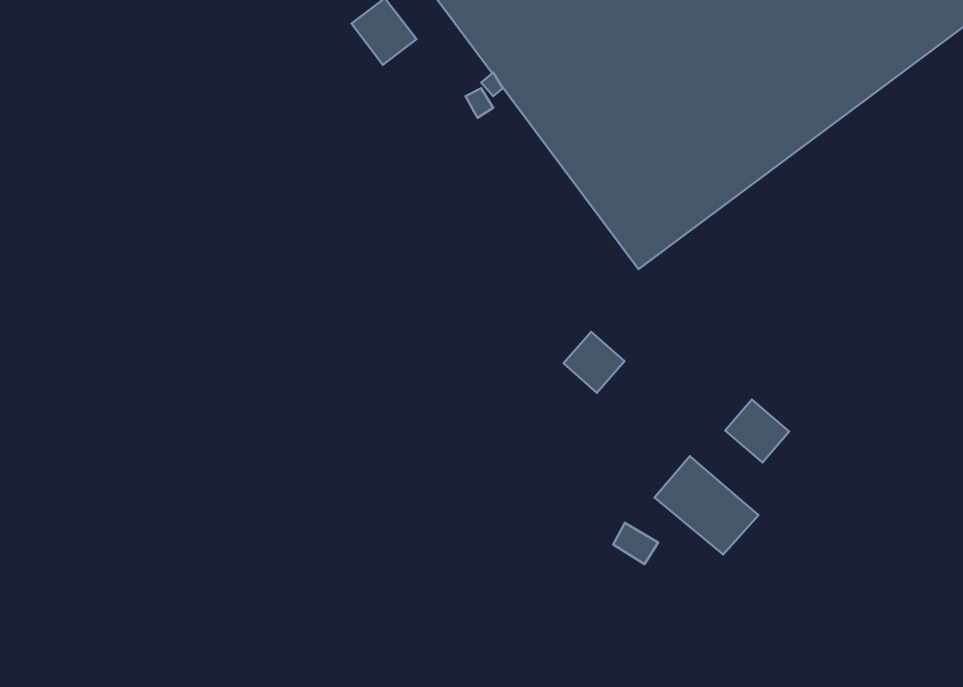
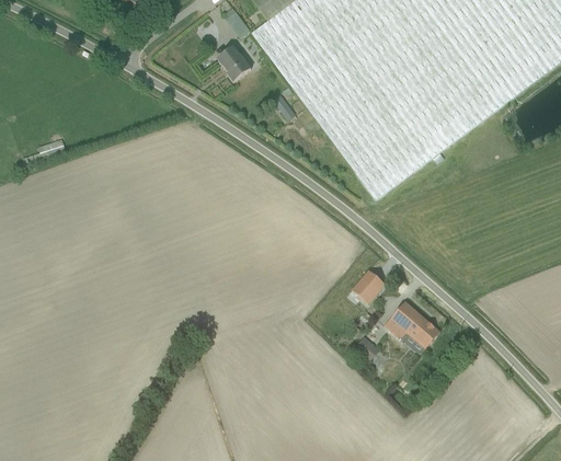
building: [564,332,624,393] -> [357,270,391,304]
building: [725,400,789,462] -> none

